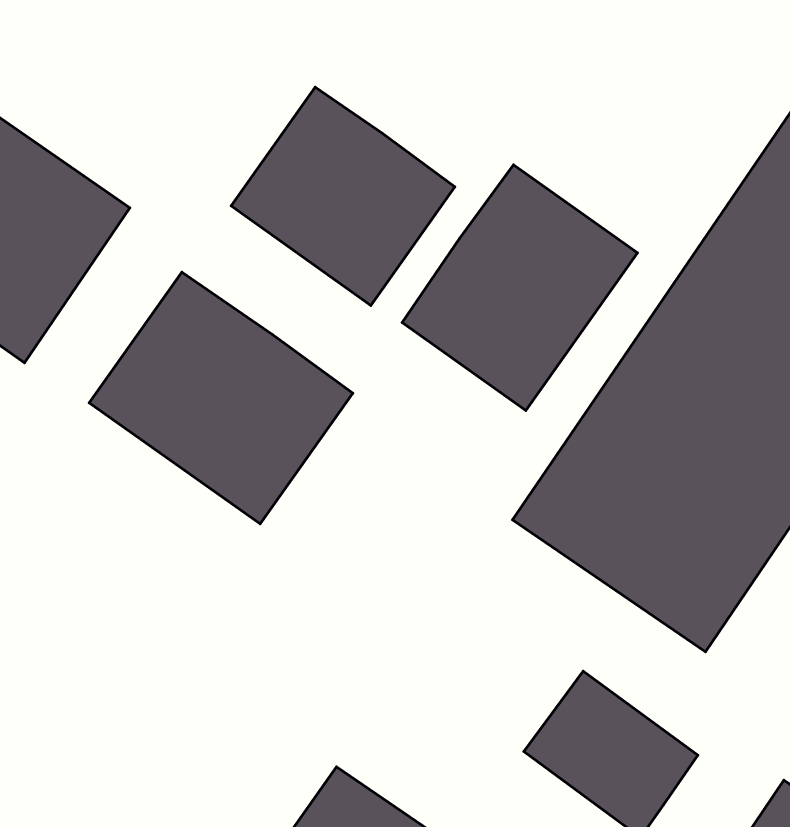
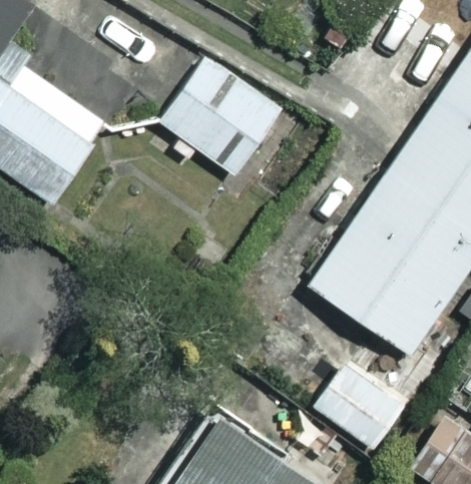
building: [402,165,637,410] -> none
building: [89,272,353,524] -> none

